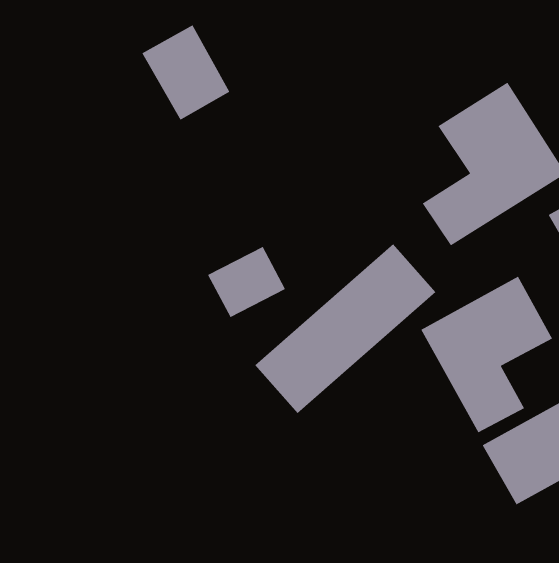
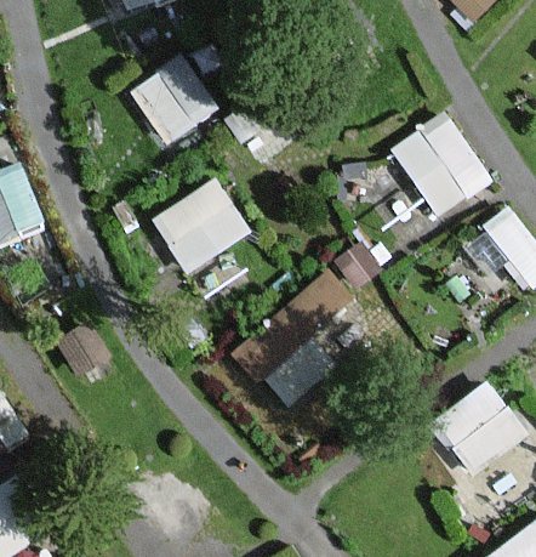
building: none -> [149,176,252,275]
building: [420,276,553,433] -> none

